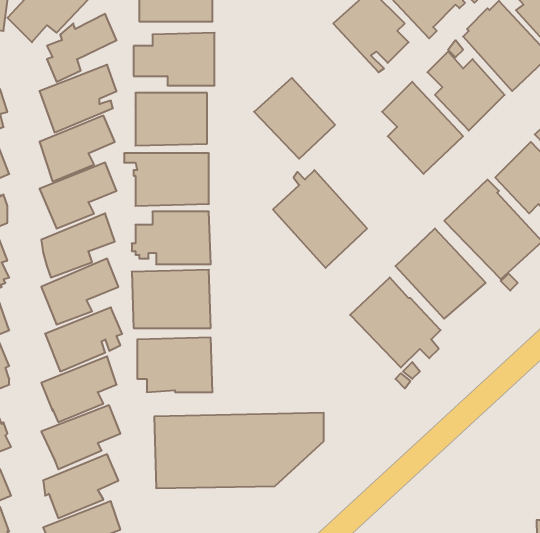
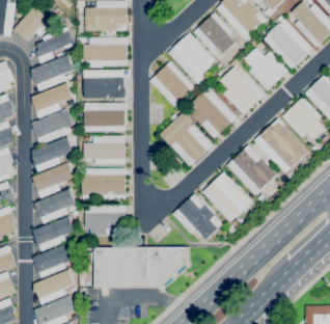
building: none -> [168,32,215,81]
building: none -> [190,94,238,137]
building: none -> [172,193,222,239]

